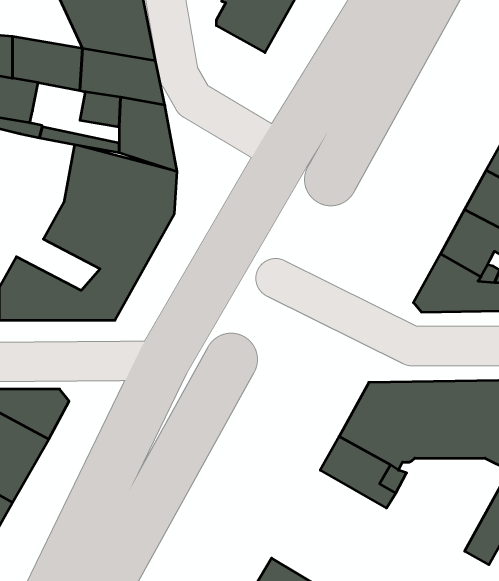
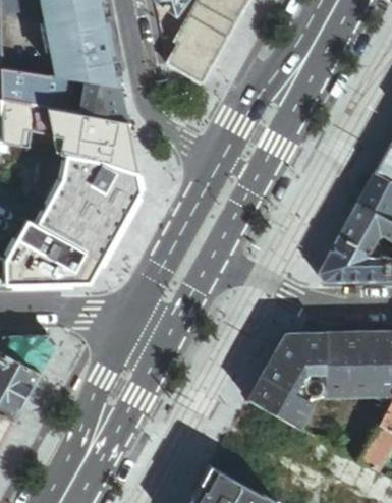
building: none -> [31,107,70,135]
building: none -> [11,216,81,264]

